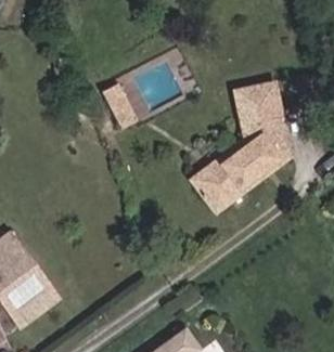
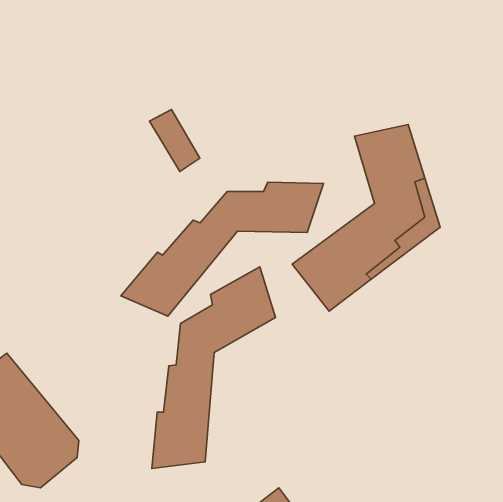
building: none -> [121,182,323,316]
building: none -> [152,267,275,469]

